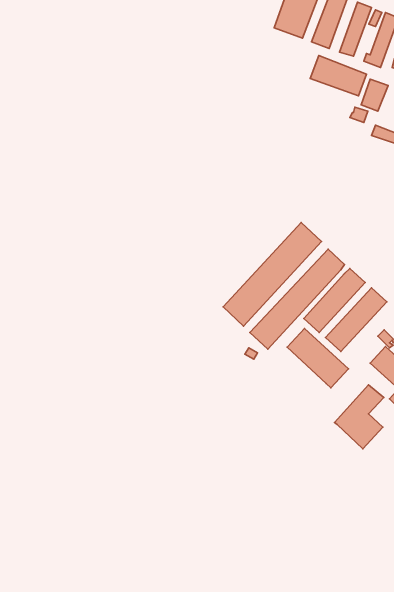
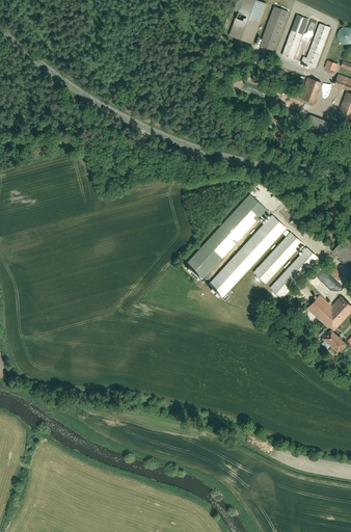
building: [310,56,366,96] -> none
building: [287,328,348,388] -> none
building: [335,385,384,449] -> none

